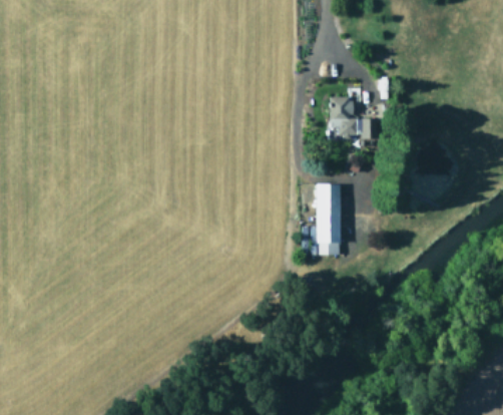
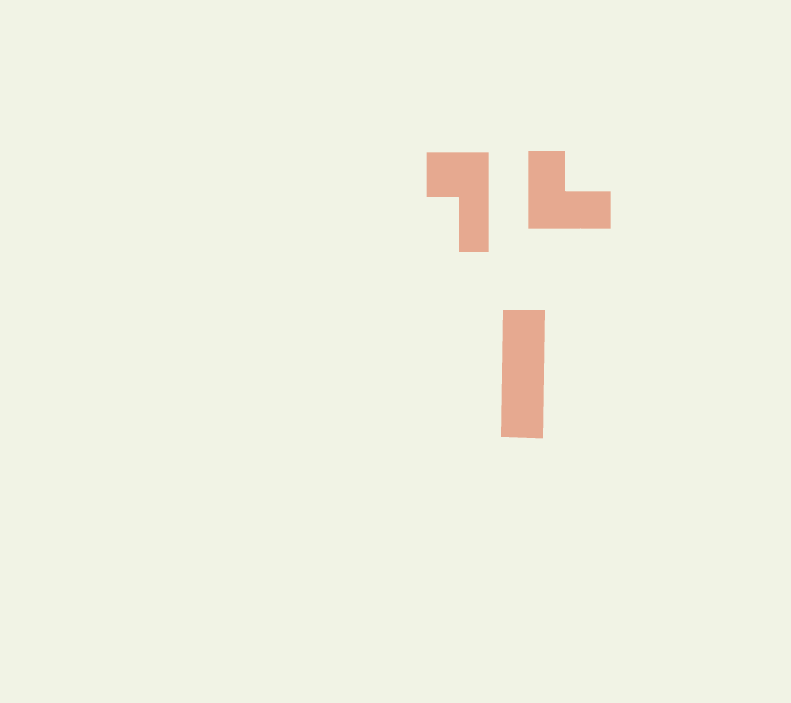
building: none -> [426,152,489,253]

